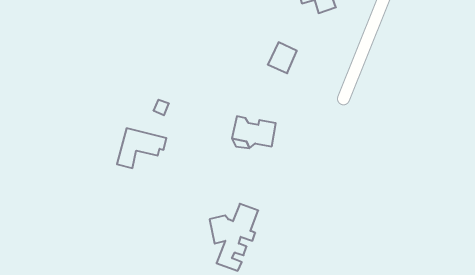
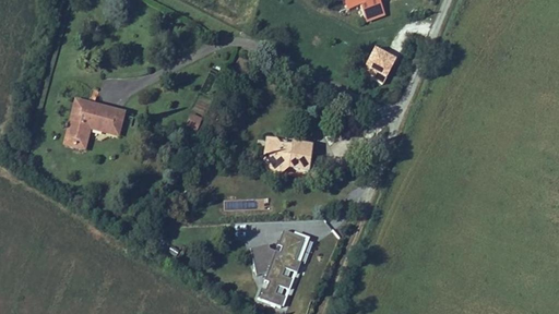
building: [268,42,297,73] -> [362,50,395,85]
building: [117,128,166,168] -> [68,101,123,146]

